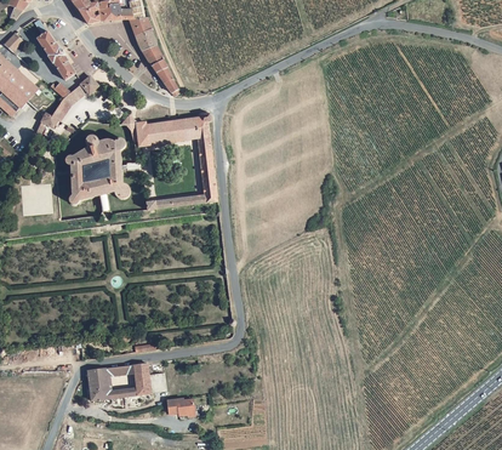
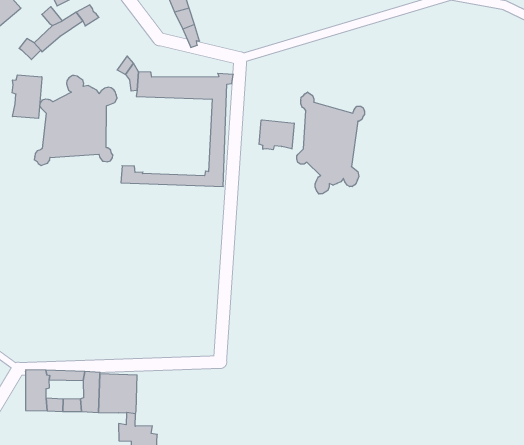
building: none -> [297,92,364,194]
building: none -> [12,75,42,118]
building: none -> [259,120,294,150]

